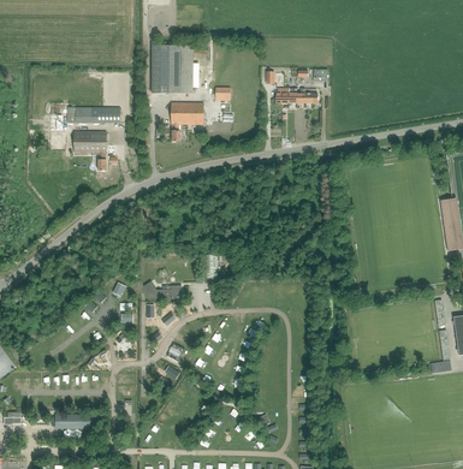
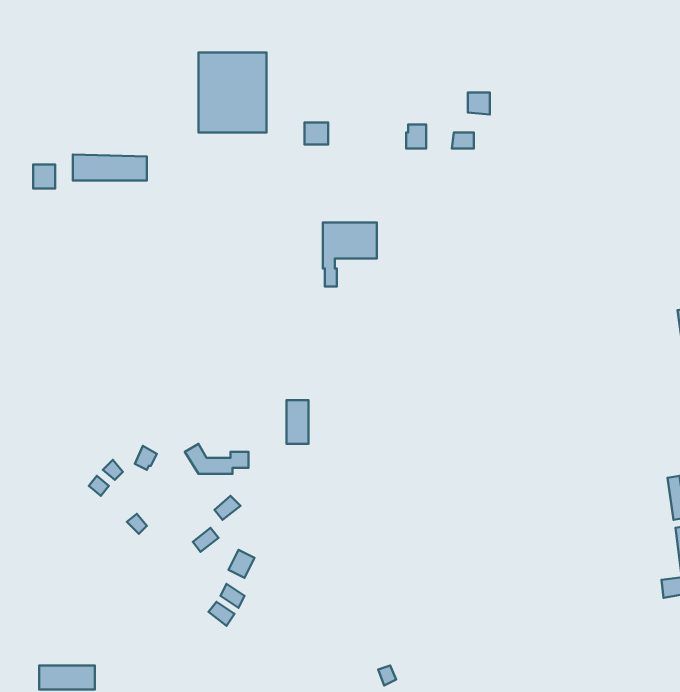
building: [170,102,202,141] -> [323,223,377,287]
building: [73,131,106,170] -> none

